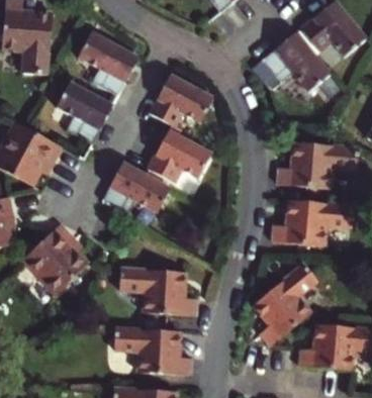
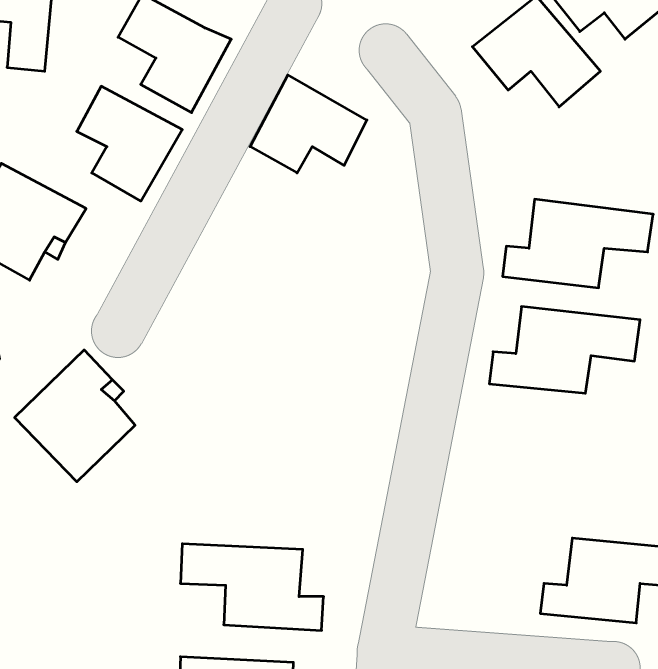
building: [146,129,209,183] -> none
building: [99,162,167,214] -> none
building: [257,264,319,343] -> none
building: [117,270,193,315] -> none

